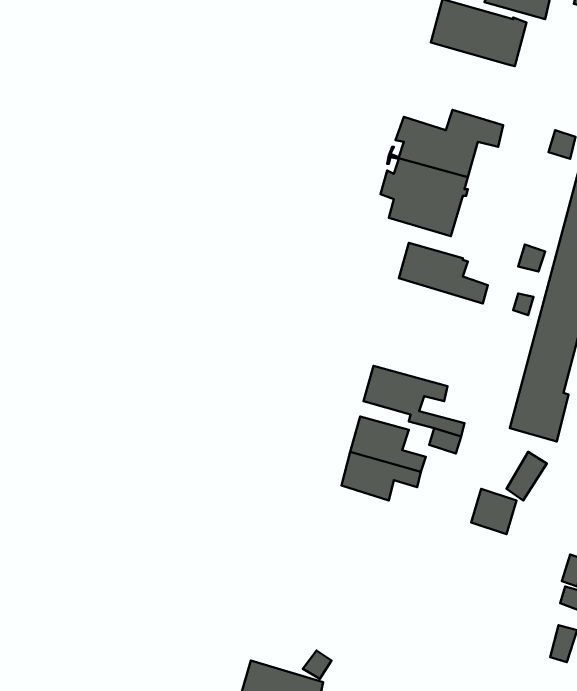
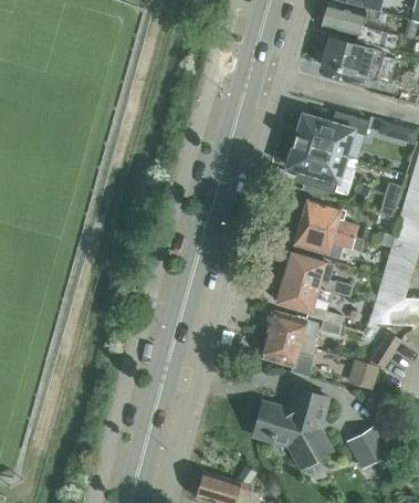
building: none -> [294,221,362,255]
building: none -> [284,253,354,297]
building: none -> [254,389,335,469]
building: none -> [347,426,390,468]

